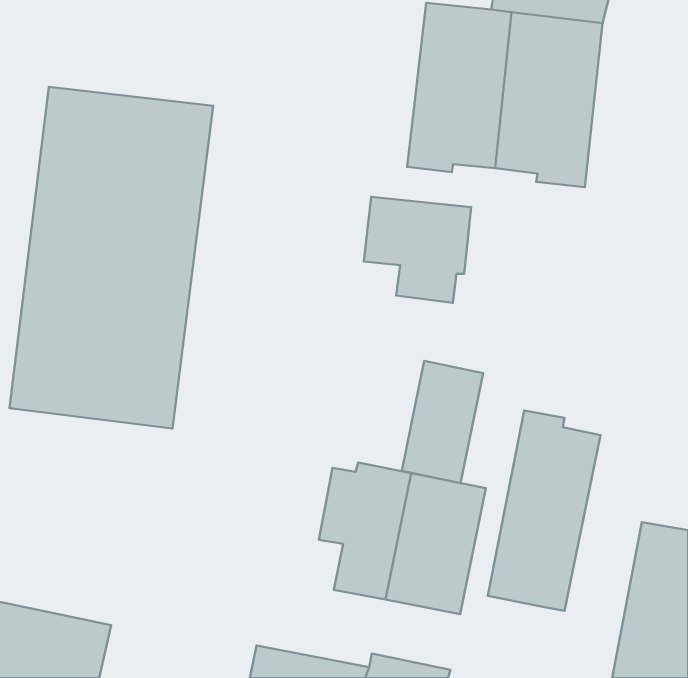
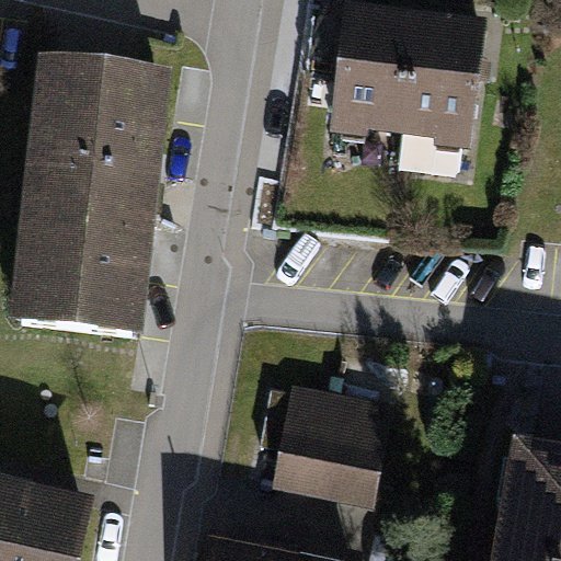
building: [364,197,471,303] -> none
building: [402,361,483,483] -> none
building: [488,411,600,611] -> none

